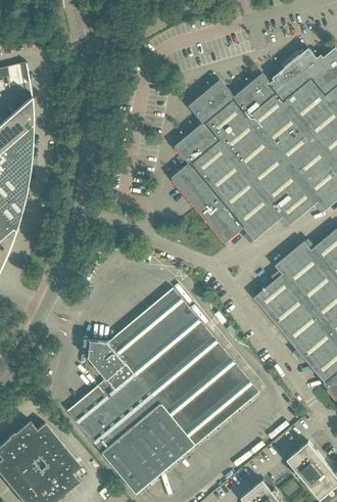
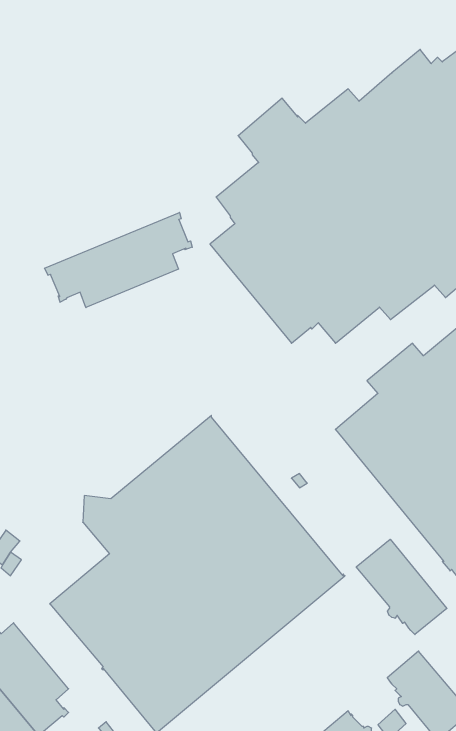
building: none -> [45,212,192,308]
building: none -> [356,539,447,635]

